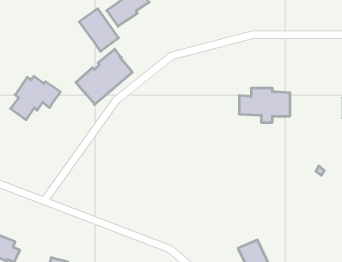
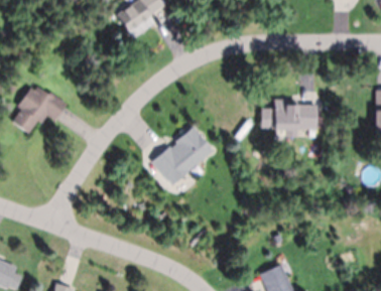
building: [79,9,119,51] -> none
building: [76,49,132,105] -> [151,126,213,186]

